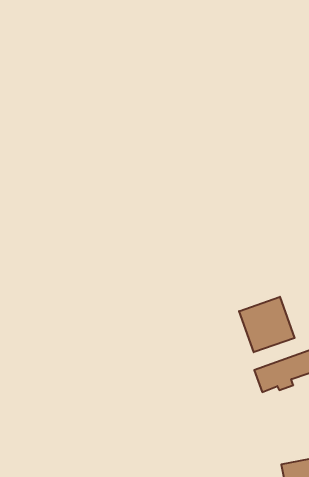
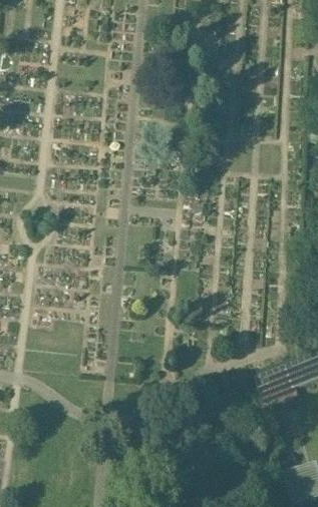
building: [239,297,295,352] -> none

